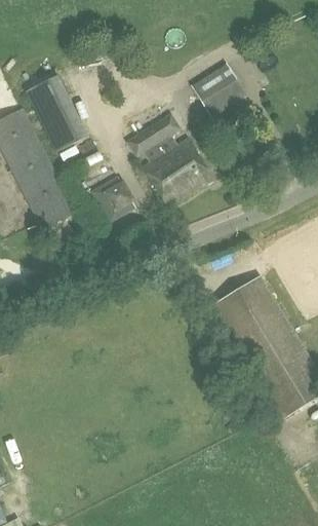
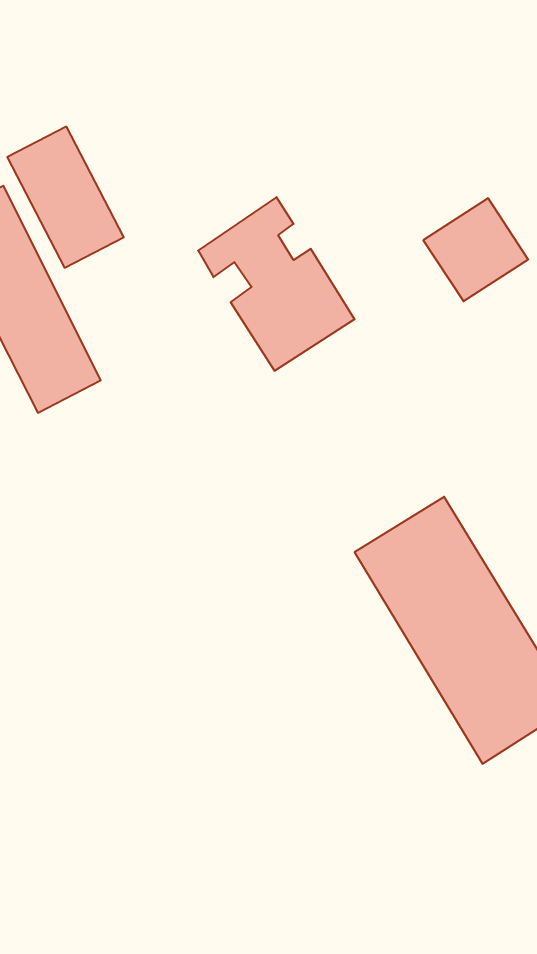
building: [190,62,246,117] -> [423,198,528,301]
building: [91,176,134,221] -> none

